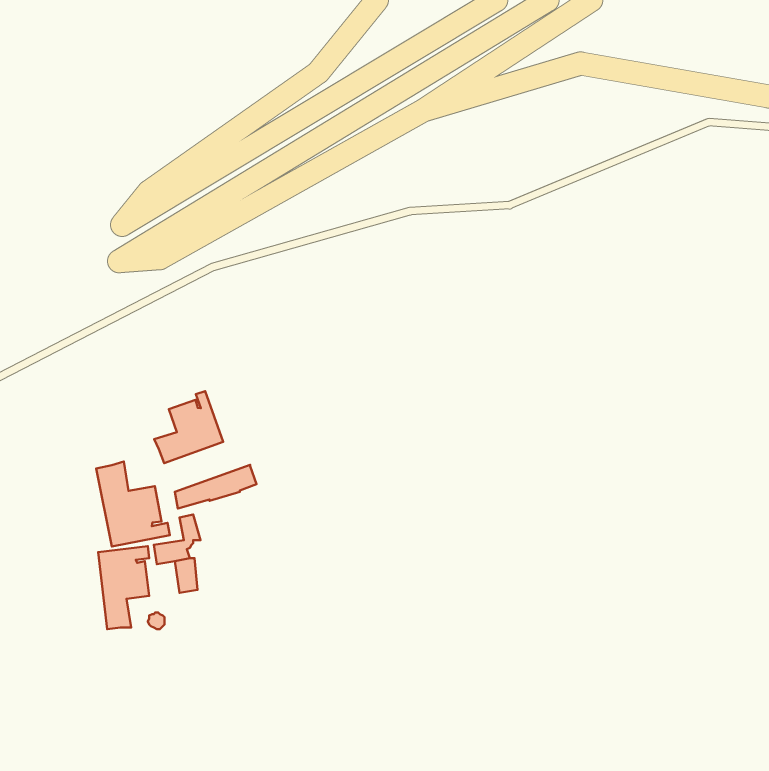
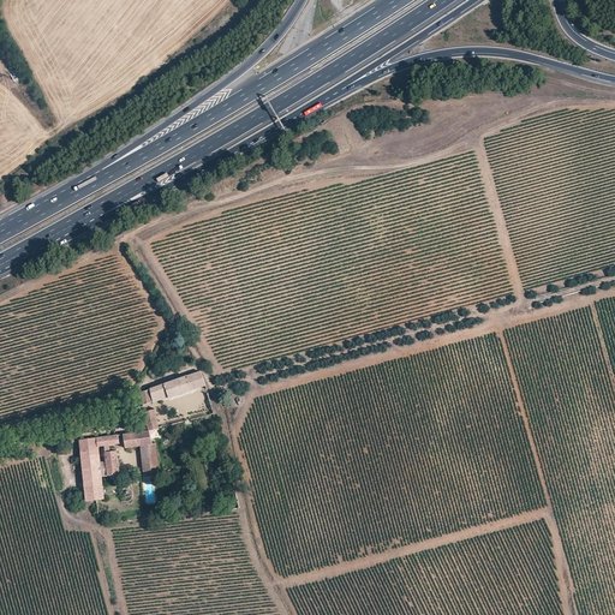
building: [154,391,223,463] -> none
building: [96,461,170,546] -> none

